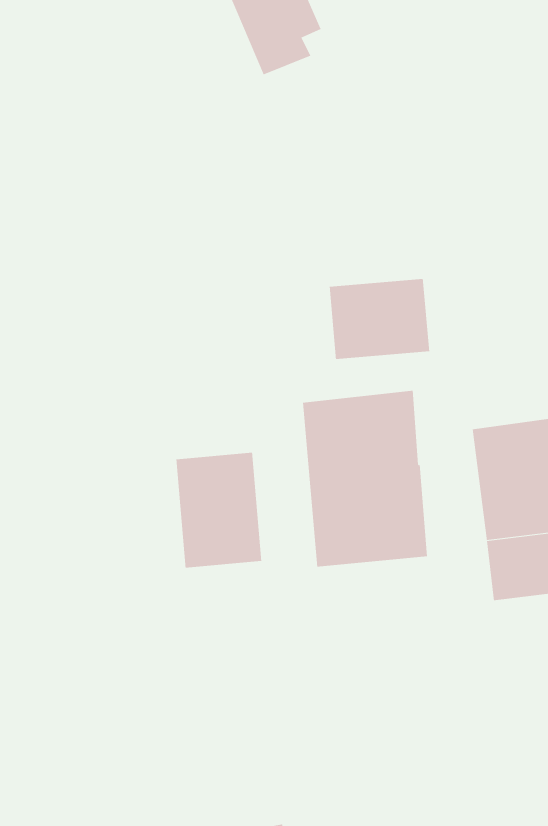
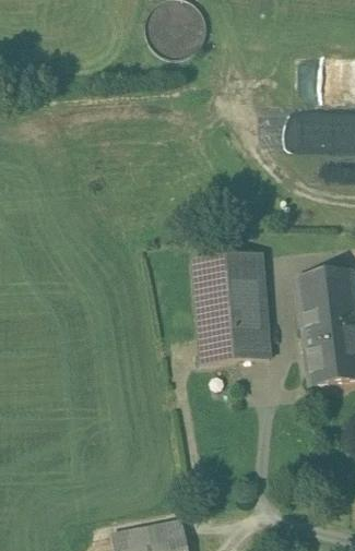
building: [329,278,430,360] -> none
building: [176,452,262,568] -> none

